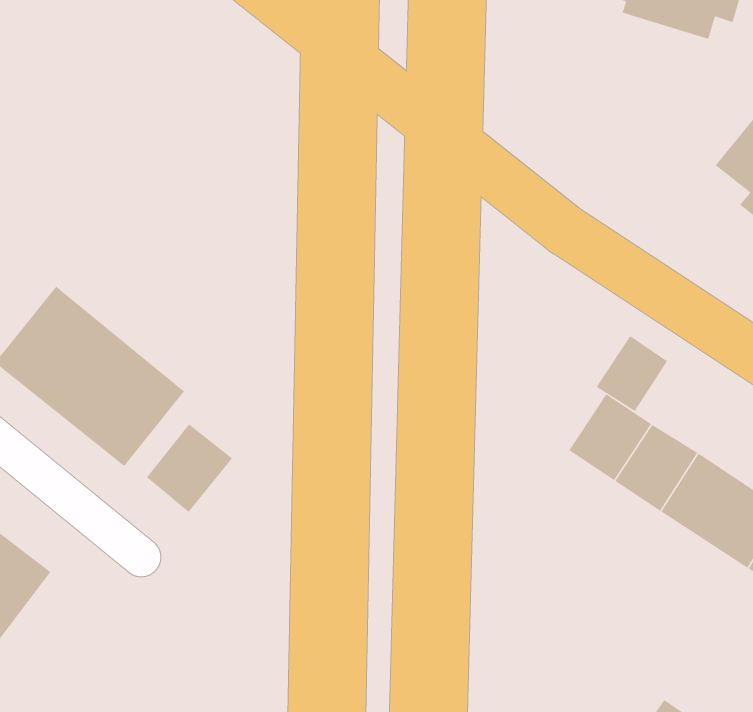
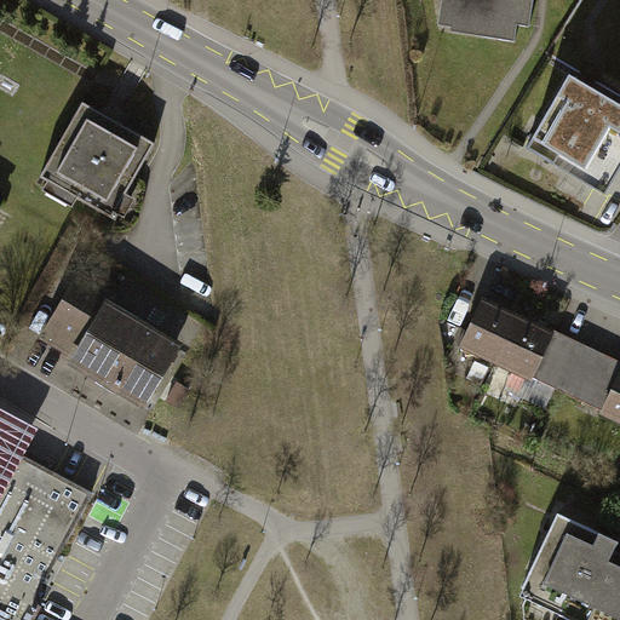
building: none -> [40,104,153,220]
building: [596,335,668,412] -> none
building: [146,424,233,513] -> none

